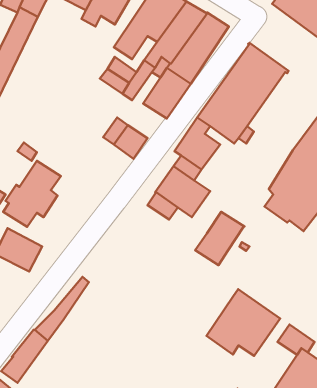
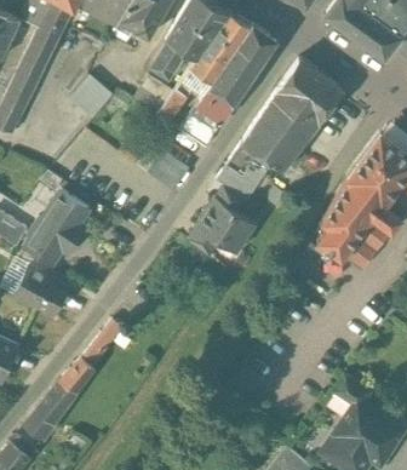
building: none -> [70,76,113,119]
building: [195,212,244,265] -> none
building: [206,289,280,356] -> none

